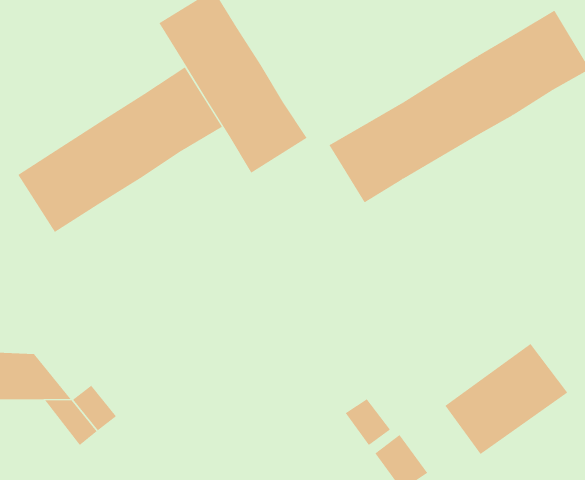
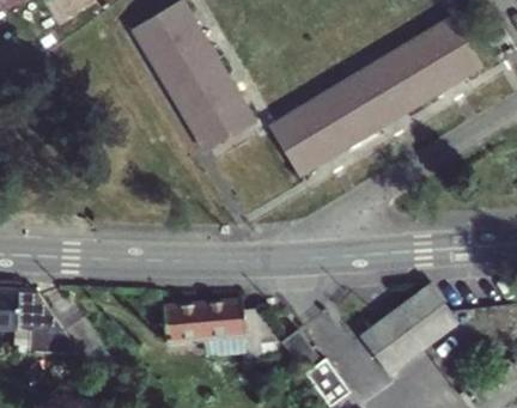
building: [18,67,223,233] -> none
building: none -> [164,300,274,341]

